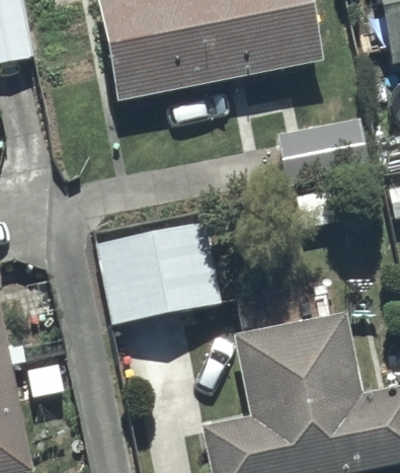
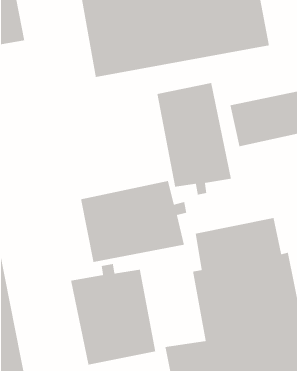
building: none -> [156,82,232,195]
building: none -> [70,263,156,366]

